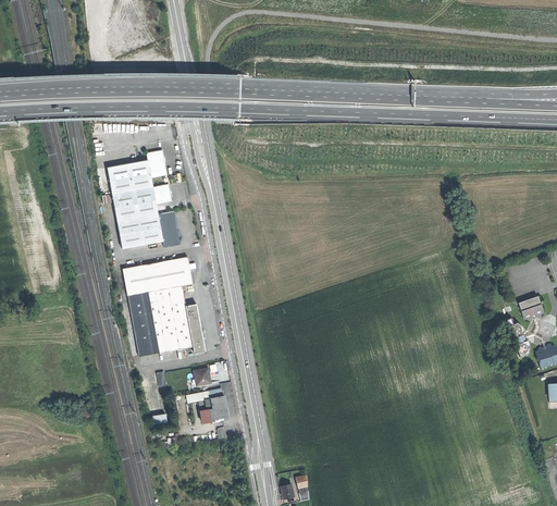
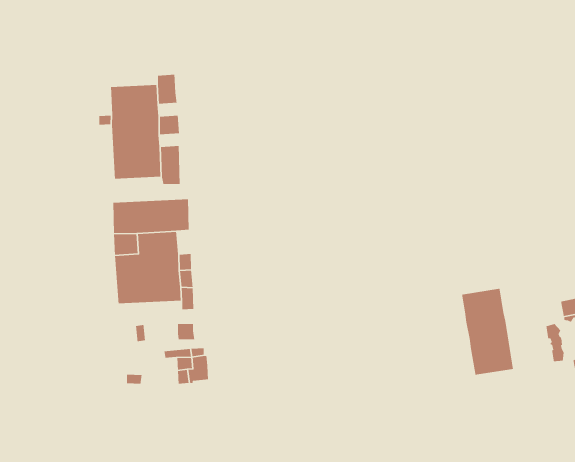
building: none -> [461,288,514,375]

